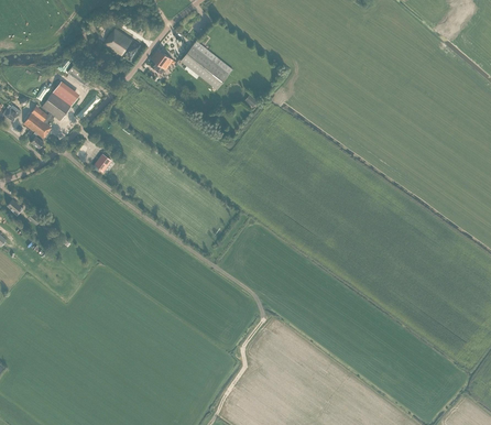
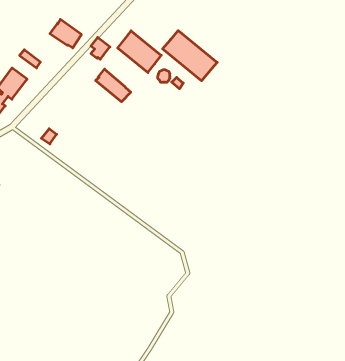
building: none -> [163,31,217,81]
building: none -> [96,69,131,102]

